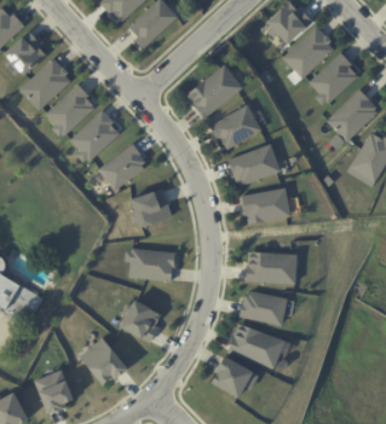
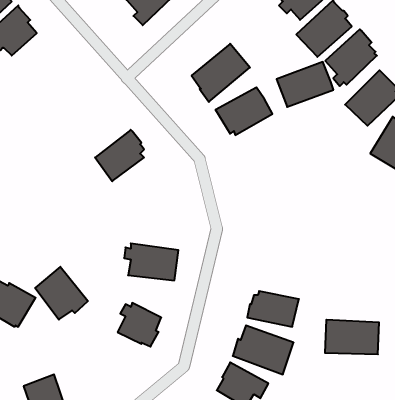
building: [21,59,70,110] -> none
building: [47,85,93,137] -> none
building: [70,112,119,163] -> none
building: [229,144,281,185] -> [277,62,333,107]
building: [242,187,290,222] -> none
building: [129,191,172,231] -> none
building: [247,251,296,283] -> [325,320,379,354]
building: [80,336,128,384] -> [35,267,88,320]

